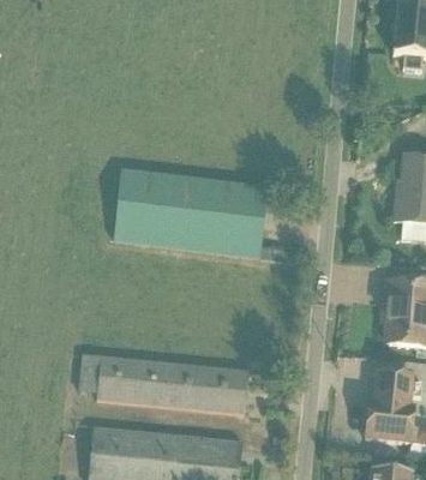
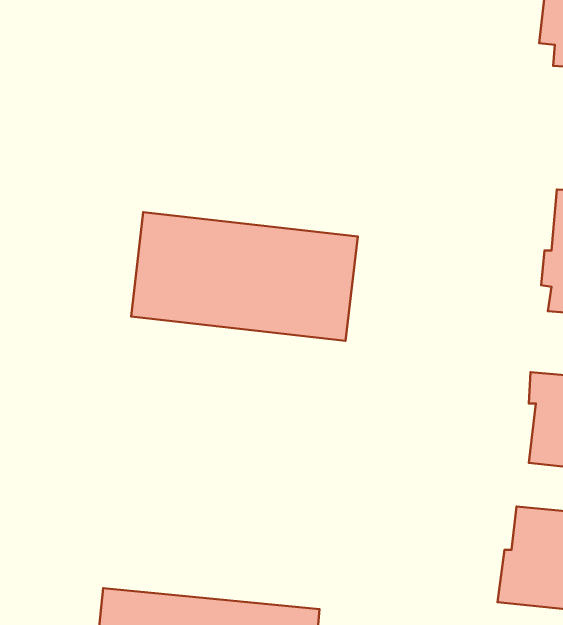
building: [79,354,250,413] -> none

